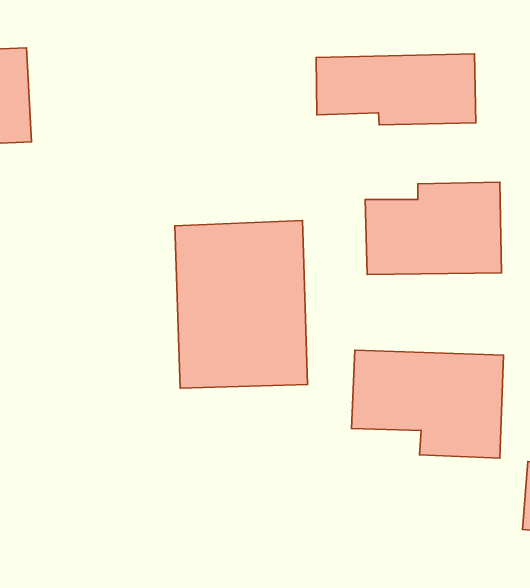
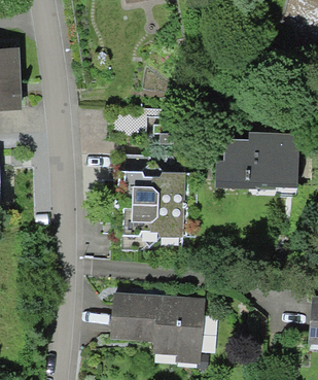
building: [316,54,476,125] -> none
building: [351,350,503,458] -> [111,293,201,357]

